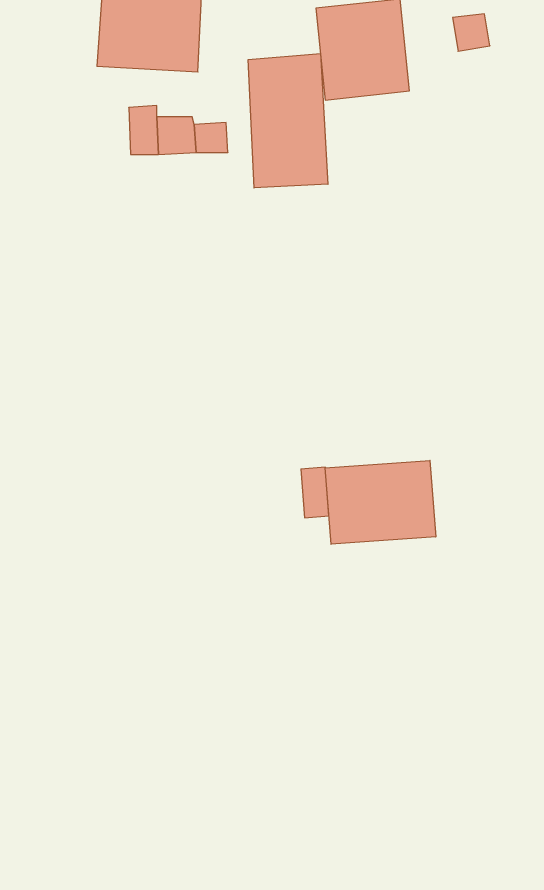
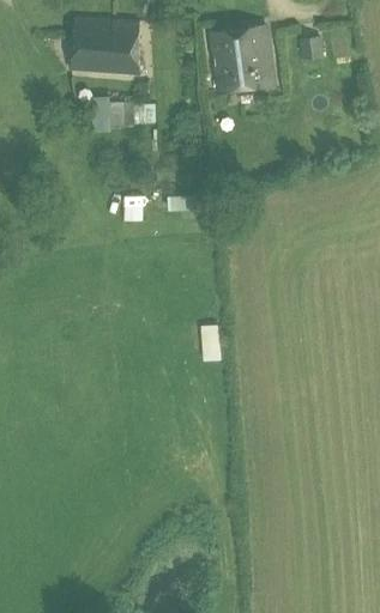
building: [248,54,328,188] -> none
building: [325,460,436,544] -> none

